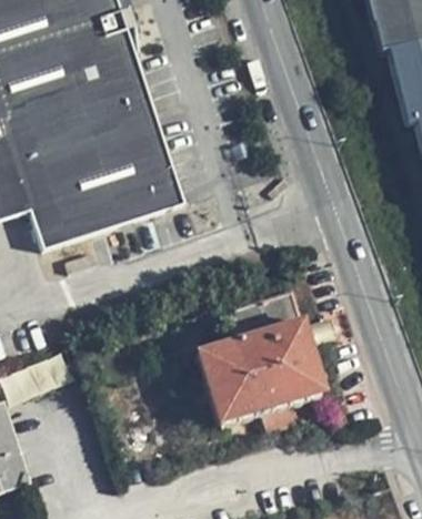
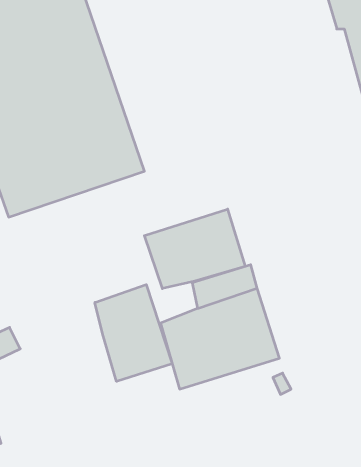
building: none -> [144,209,245,289]
building: none -> [95,285,172,381]

